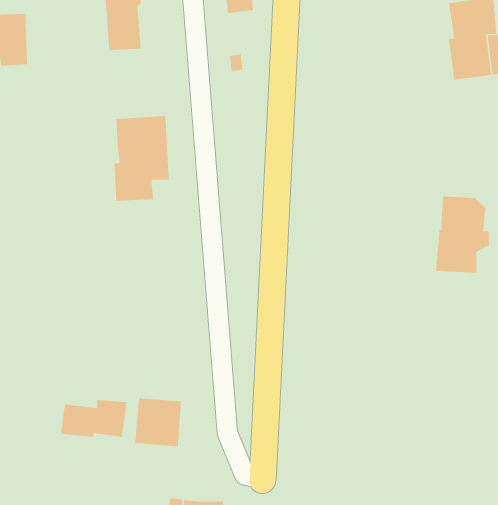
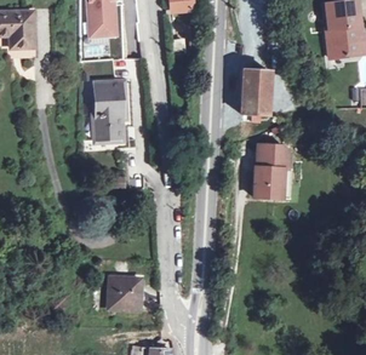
building: none -> [240,69,271,120]
building: [435,196,490,273] -> [253,143,291,196]
building: [61,399,127,438] -> none

